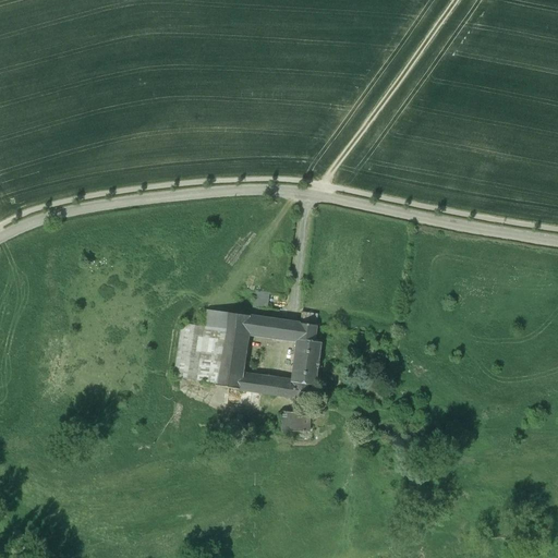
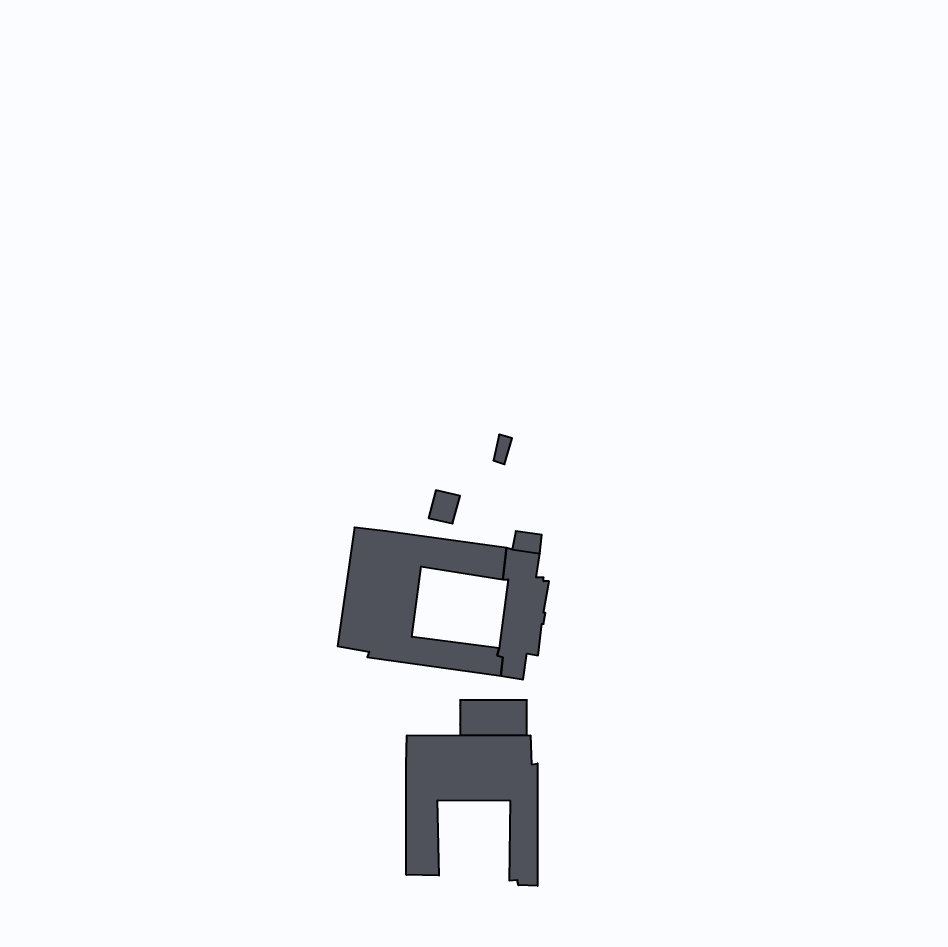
building: none -> [406,735,538,886]

